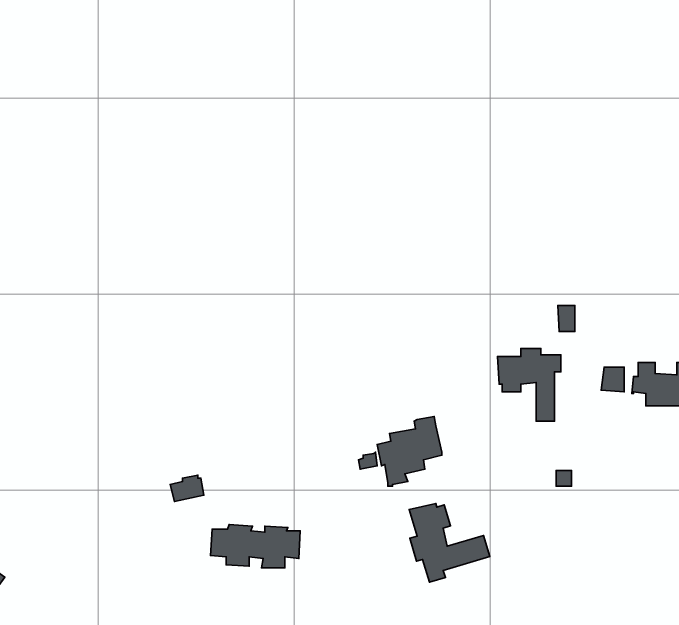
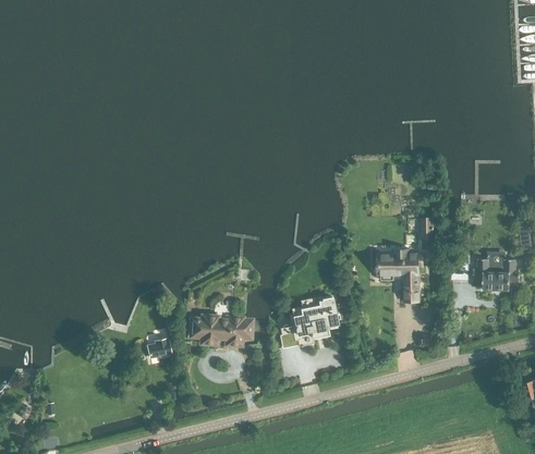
building: [409,503,490,582] -> none
building: [211,525,300,568] -> [190,312,253,343]

